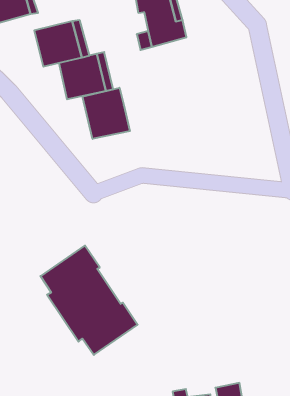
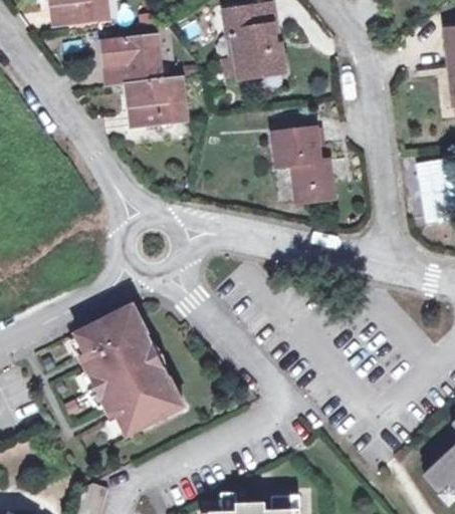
building: none -> [273,131,334,201]
building: [82,88,130,139] -> none

